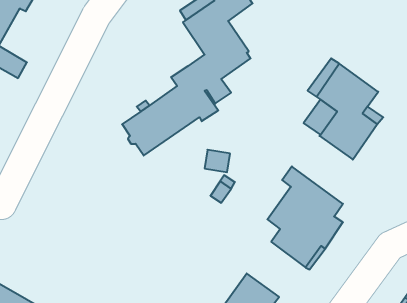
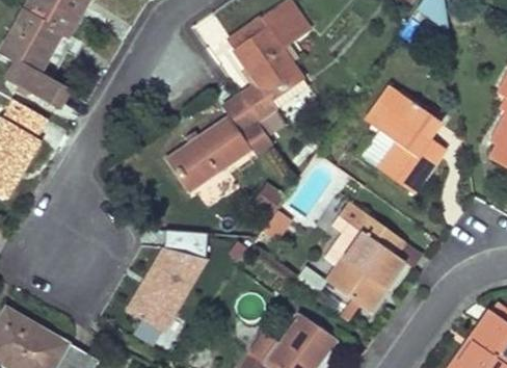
building: none -> [124,219,212,333]

